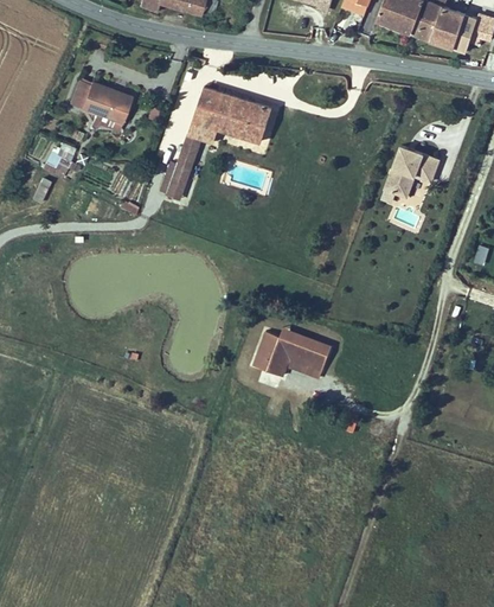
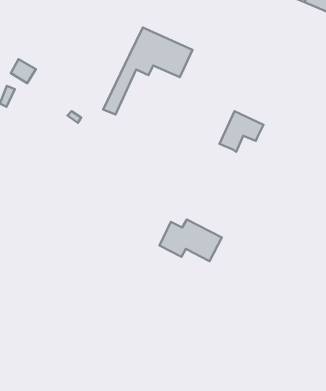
building: [69,81,133,123] -> none
building: [384,143,438,196] -> [220,111,264,152]

